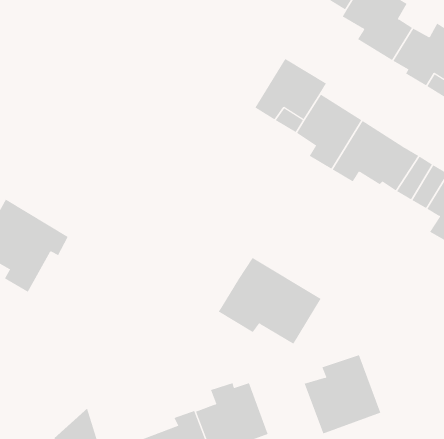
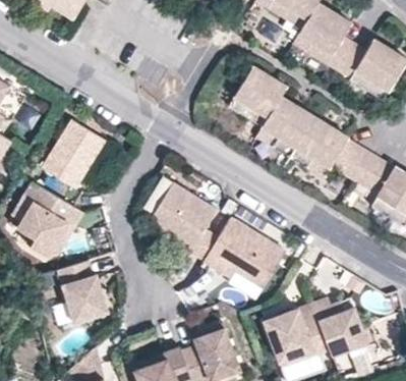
building: none -> [35,123,99,194]
building: none -> [149,186,216,268]
building: none -> [55,262,108,326]
building: none -> [313,298,370,358]

